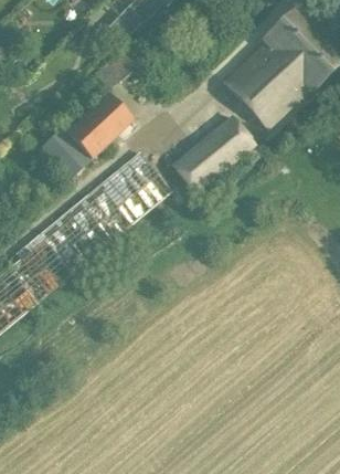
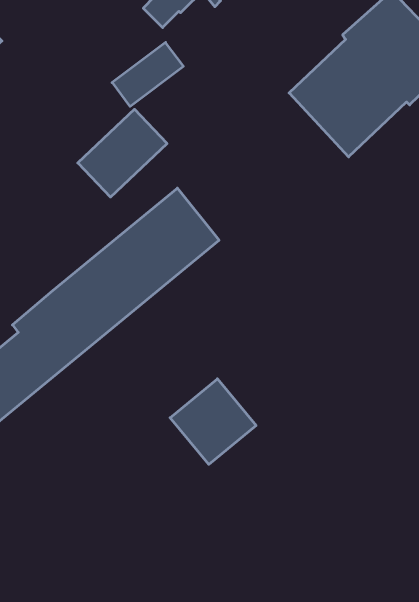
building: [173,116,264,192] -> none
building: [43,127,93,177] -> none
building: none -> [170,379,256,464]

